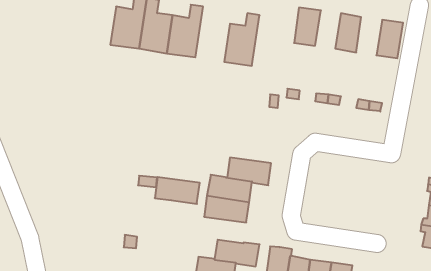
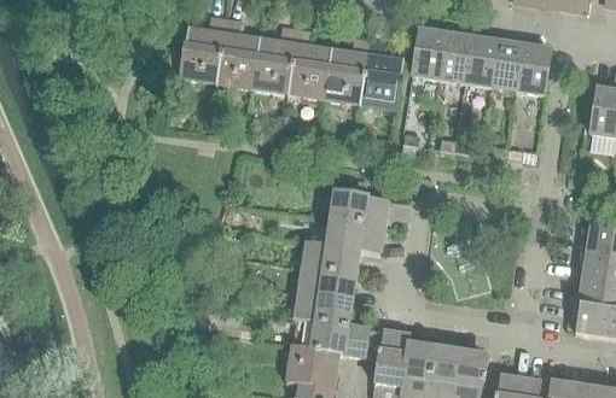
building: none -> [287,28,331,98]
building: none -> [438,33,471,81]
building: none -> [359,39,402,109]
building: none -> [490,41,523,89]
building: none -> [331,192,388,226]
building: [155,177,200,204] -> [295,293,351,327]

